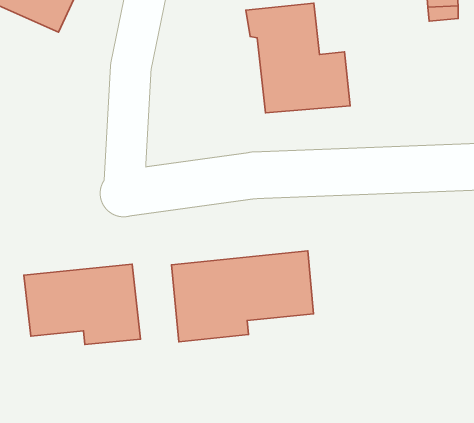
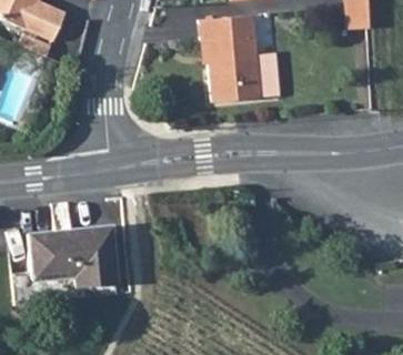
building: [172,251,313,342] -> none

